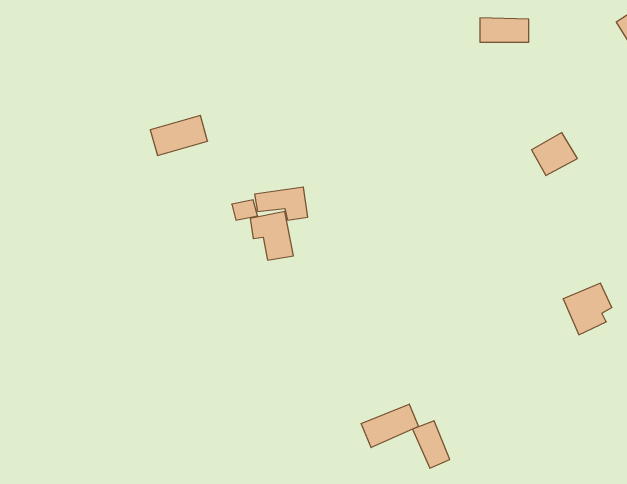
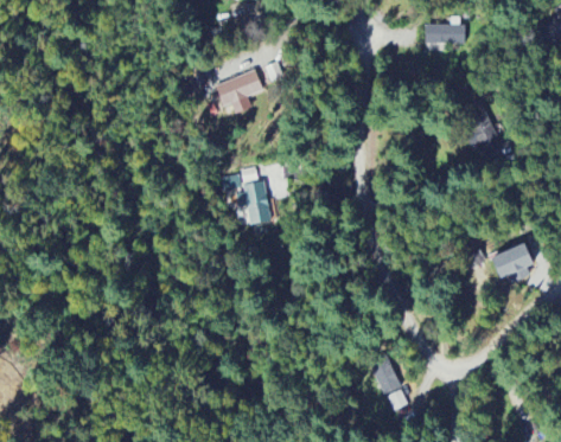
building: [150,115,208,155] -> [215,71,262,104]
building: [361,404,418,448] -> none

